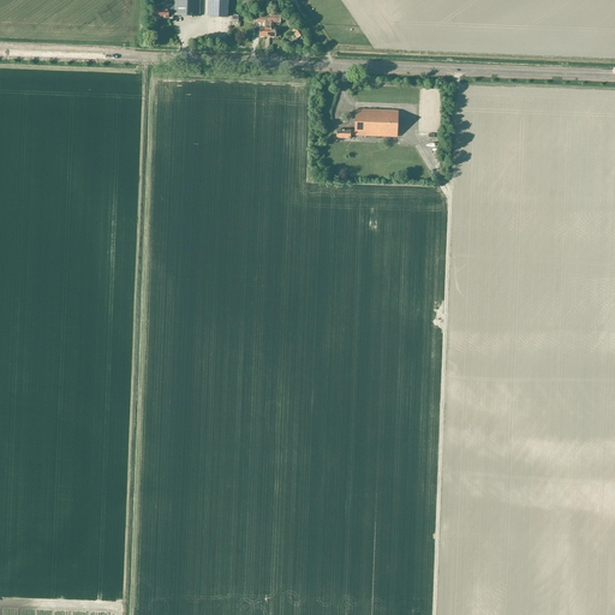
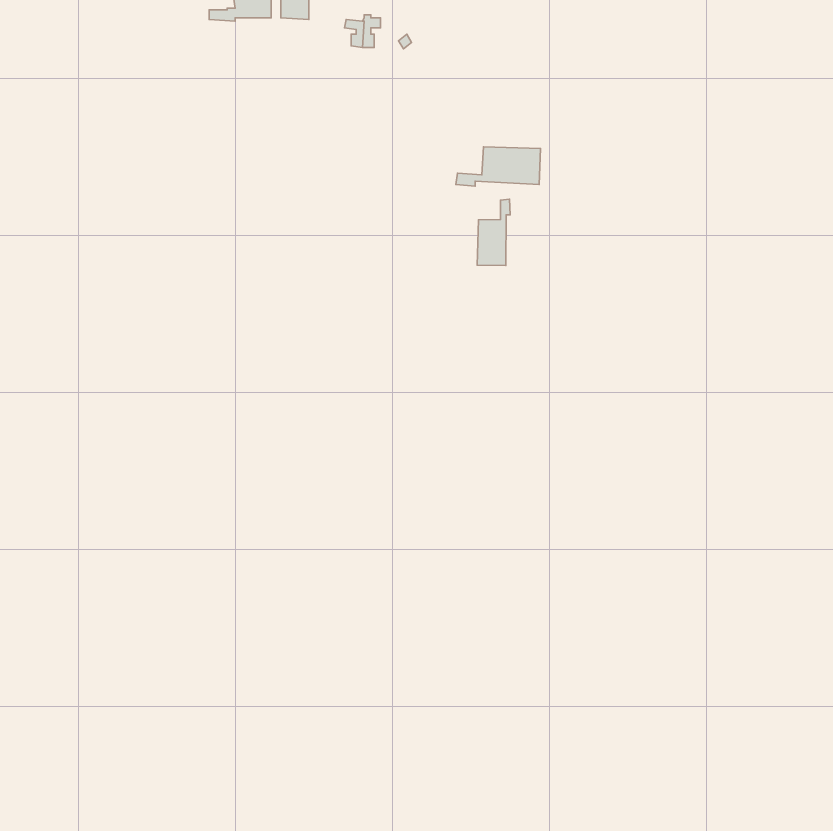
building: none -> [477,199,510,266]

